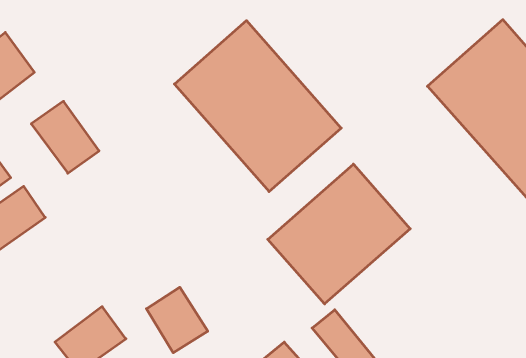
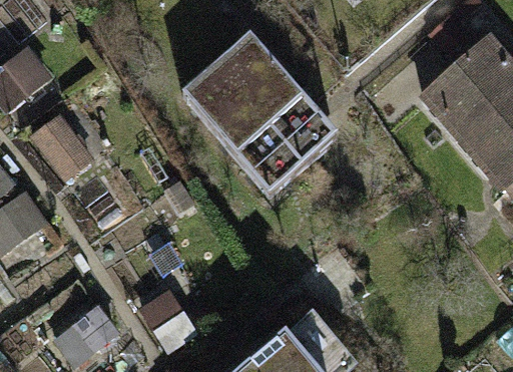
building: [268,164,410,304] -> none

